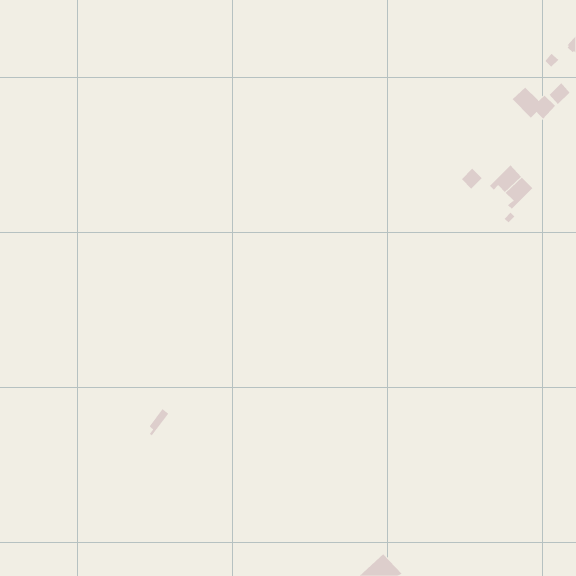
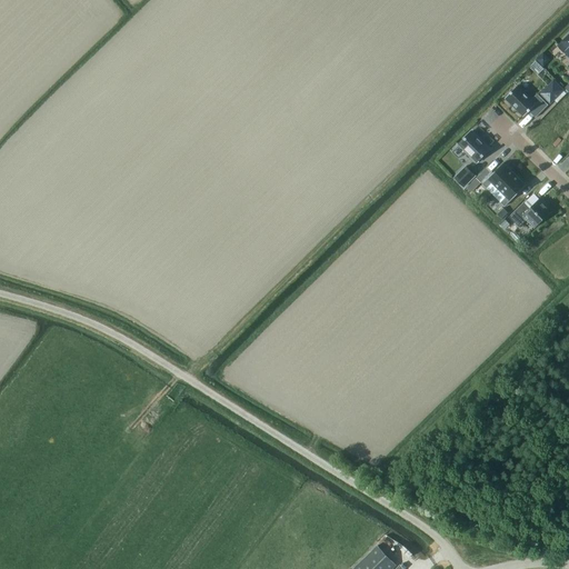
building: none -> [459,131,490,162]
building: none -> [509,199,551,227]

